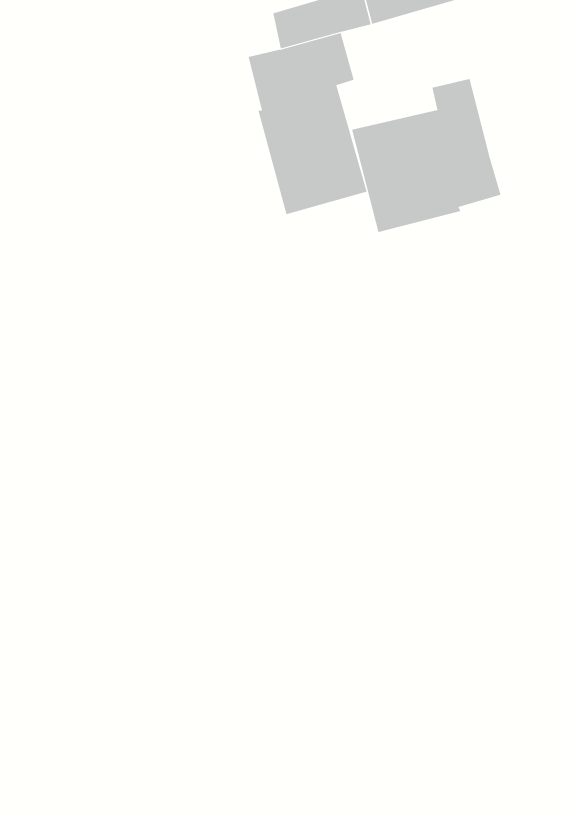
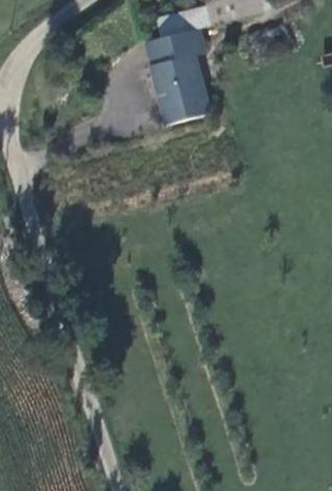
building: [352,78,501,233] -> none

